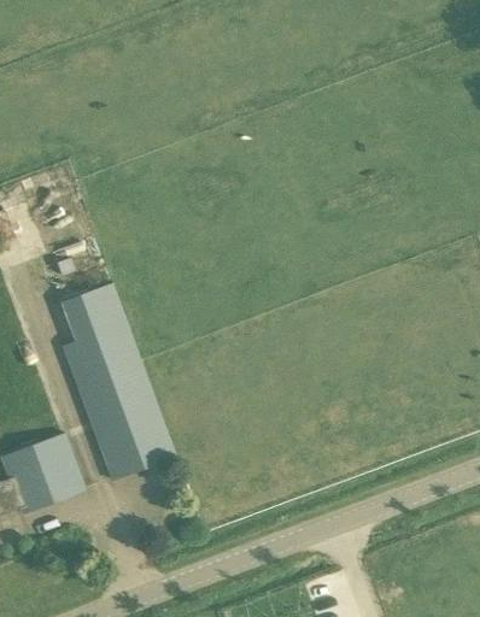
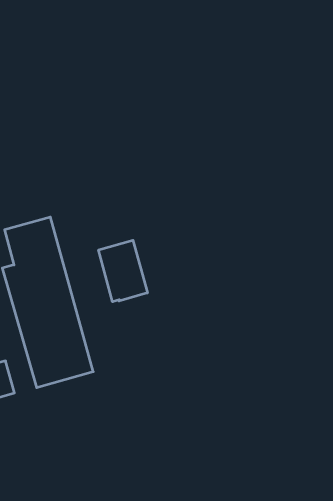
building: none -> [99,240,147,302]

